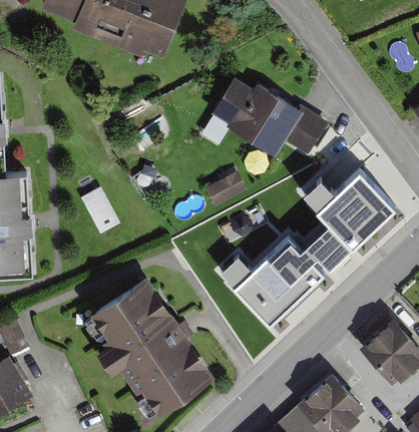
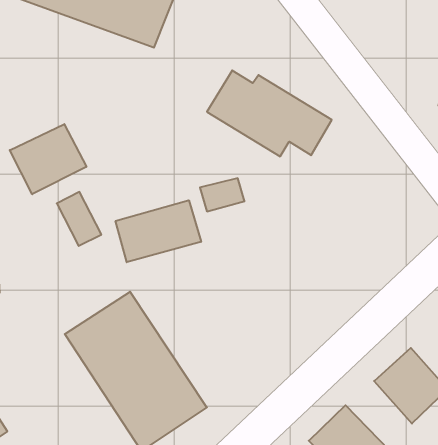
building: none -> [10,124,86,194]
building: [211,169,398,335] -> none
building: none -> [116,200,201,262]

